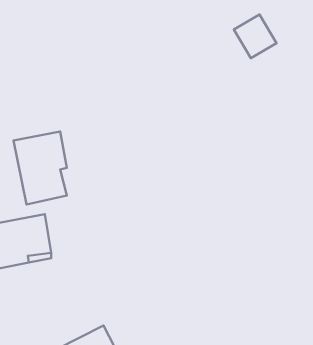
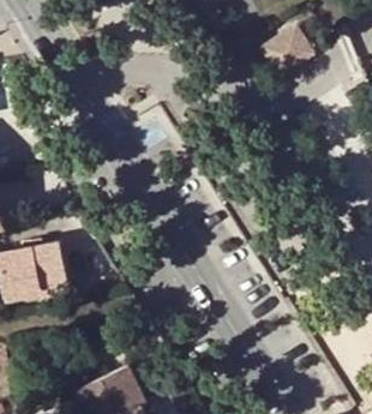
building: [14,131,67,205] -> none

